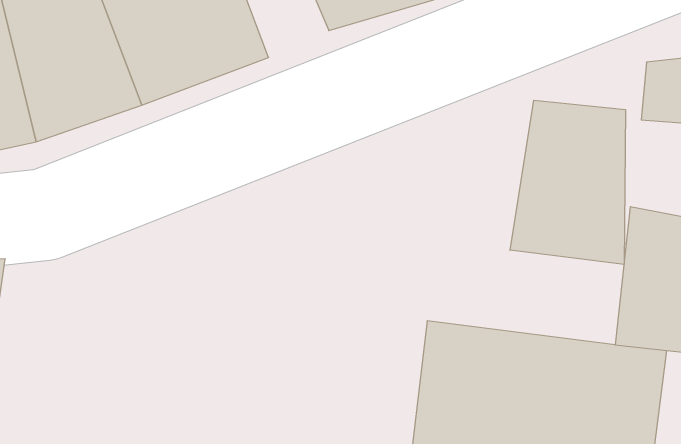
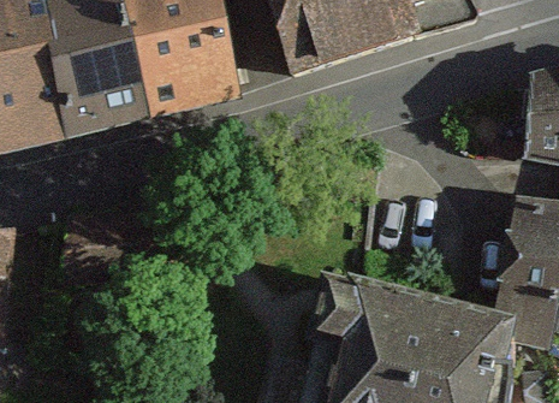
building: [510,100,625,264] -> none

